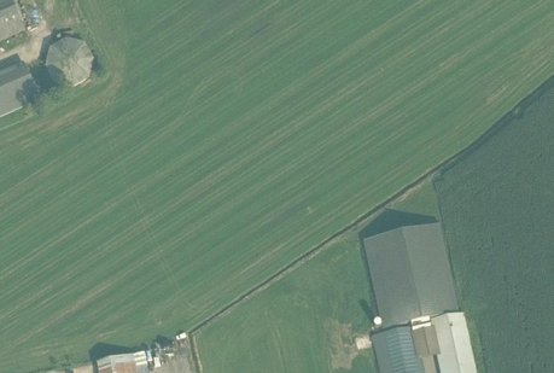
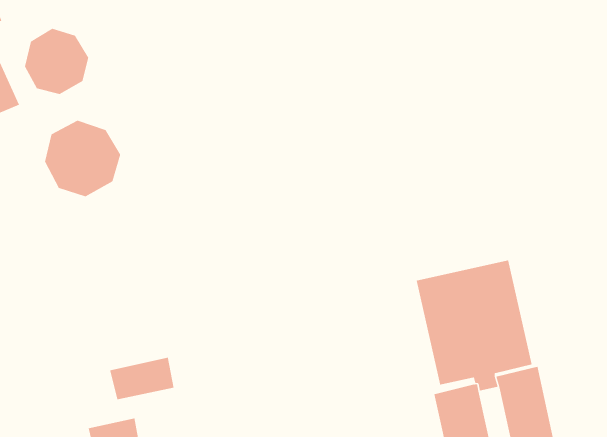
building: none -> [44,120,121,197]
building: none -> [109,357,174,400]

